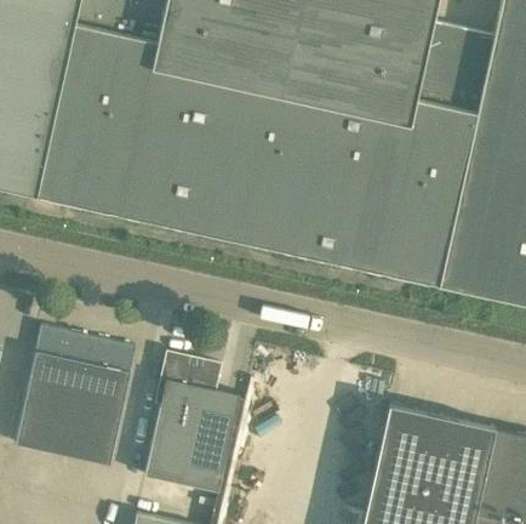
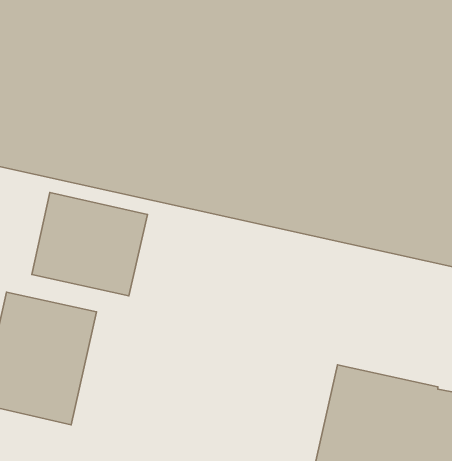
building: none -> [32,193,147,296]
building: [145,354,239,491] -> none

